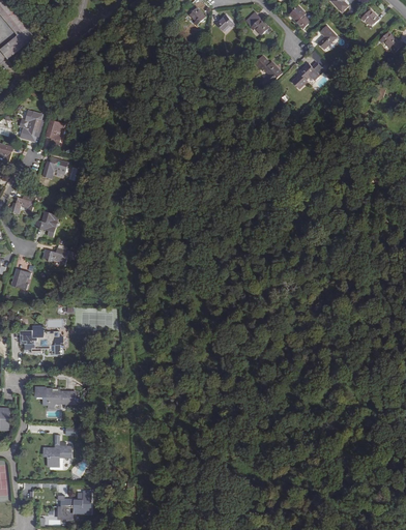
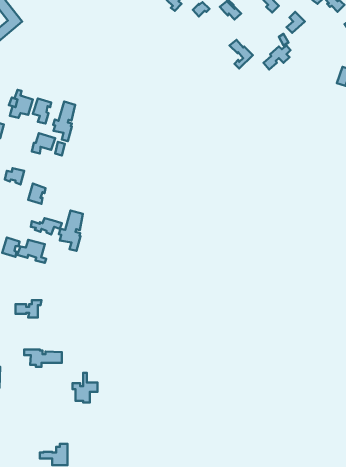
building: none -> [53,102,75,141]
building: none -> [59,211,83,251]
building: none -> [17,240,46,263]
building: [44,435,70,467] -> [72,373,98,403]

